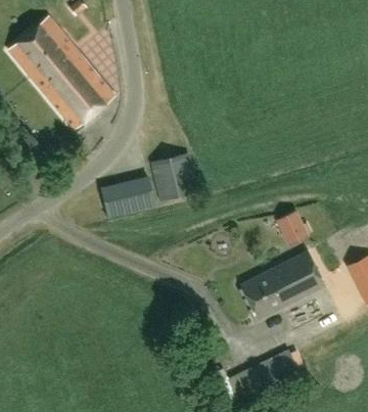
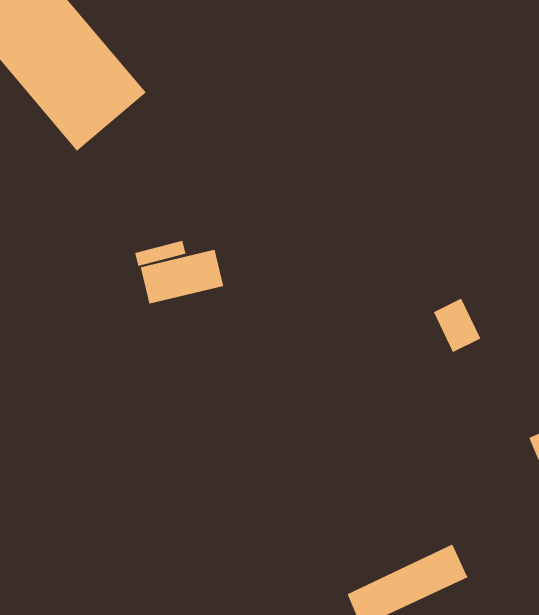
building: [150,153,197,201] -> none
building: [240,251,323,319] -> none

